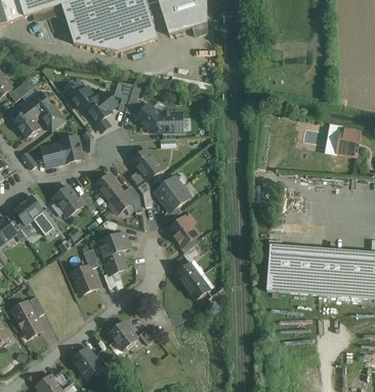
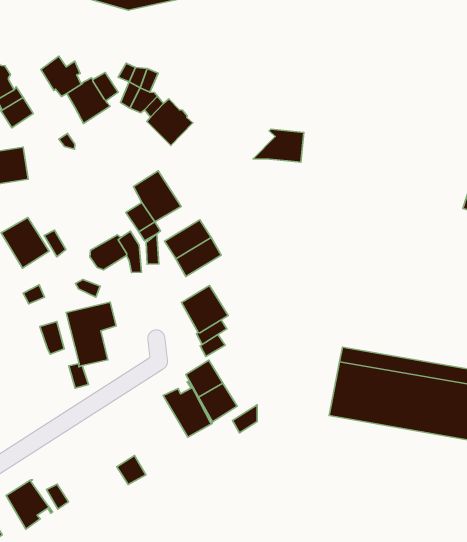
building: [152,112,181,131] -> [253,129,304,162]
building: [60,135,83,161] -> none
building: [94,172,123,201] -> none
building: [71,265,96,292] -> none
building: none -> [163,381,212,437]
building: [108,320,137,350] -> none

